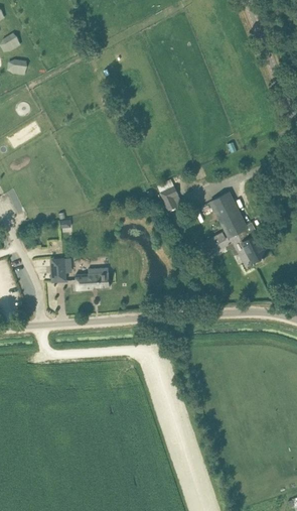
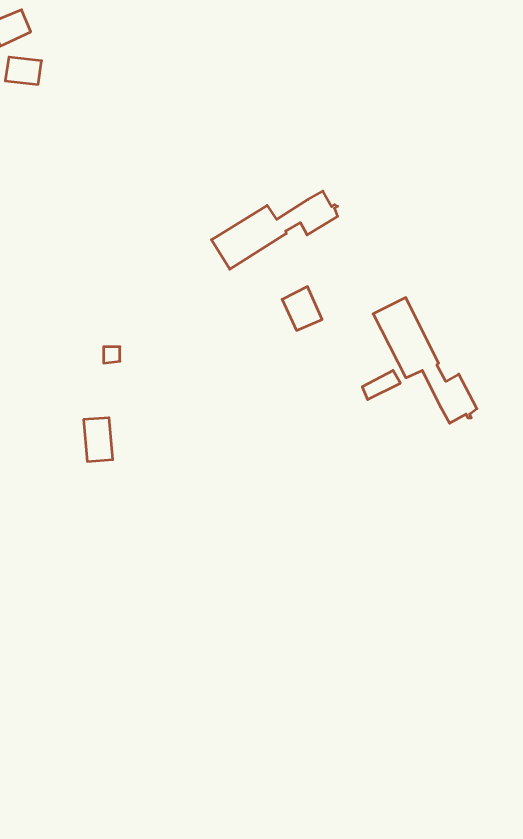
building: none -> [211,191,338,269]
building: [75,267,109,289] -> none

